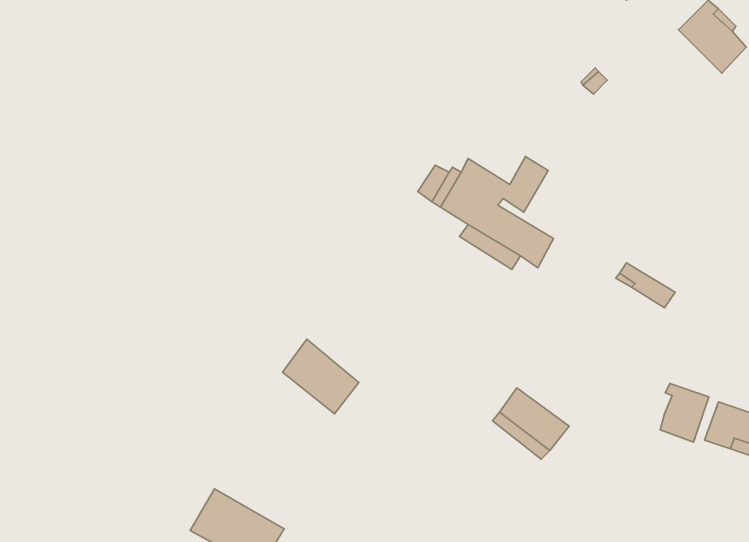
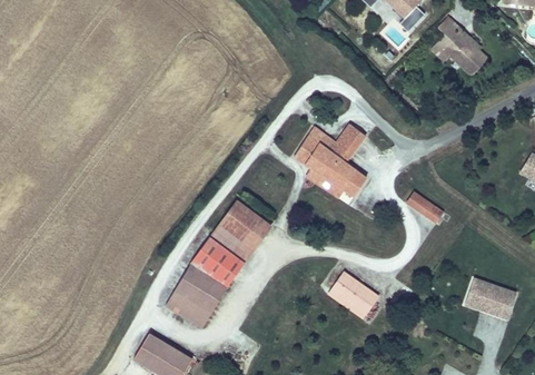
building: none -> [209,205,273,267]
building: none -> [166,270,226,332]
building: [660,383,709,442] -> none

